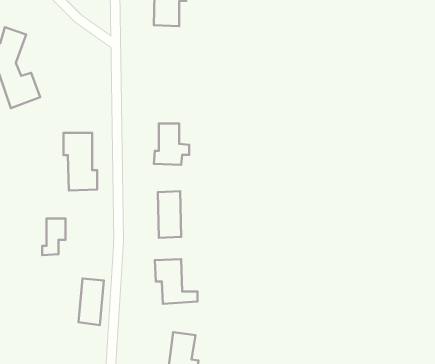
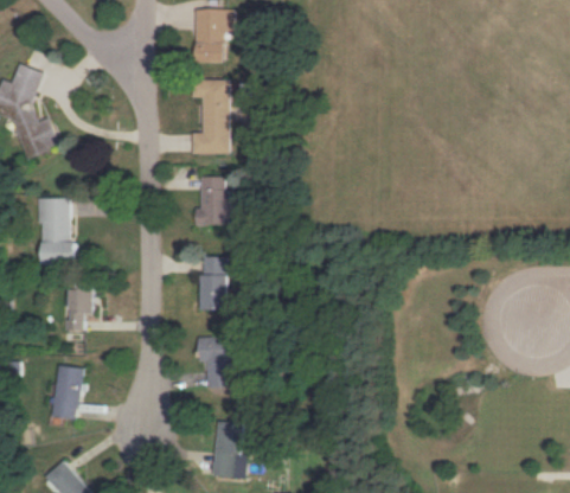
building: none -> [192,79,230,154]
building: [64,133,97,190] -> [37,198,76,265]
building: [78,279,104,325] -> [51,365,81,420]

